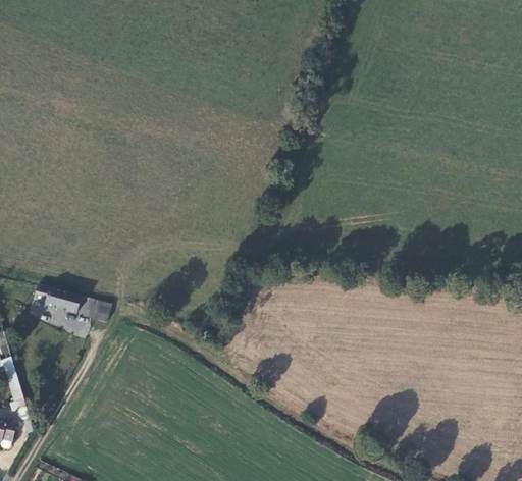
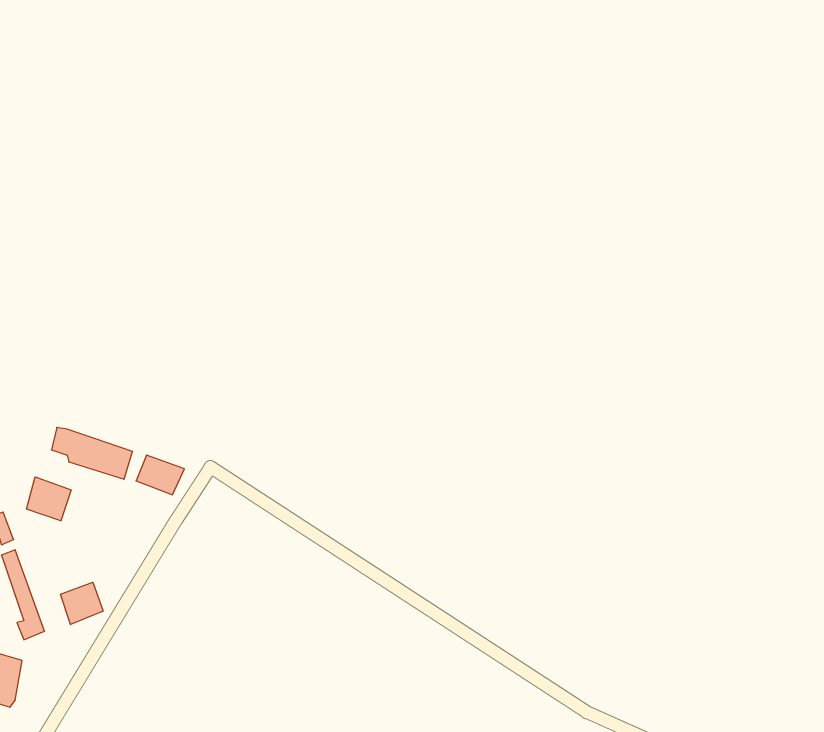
building: none -> [26,477,71,521]
building: none -> [60,582,103,625]

